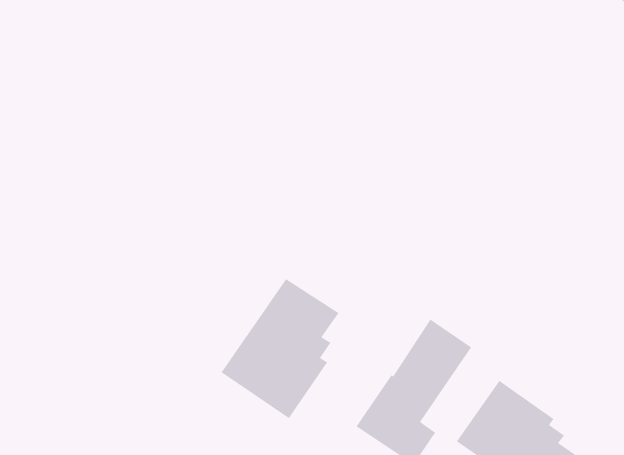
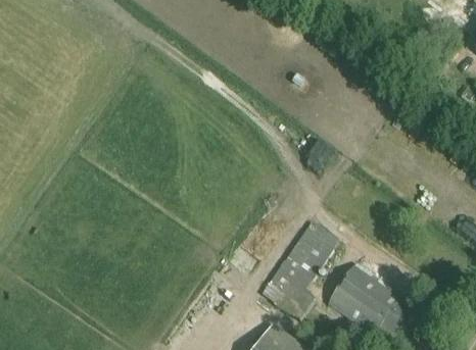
building: [221,278,339,419] -> none

